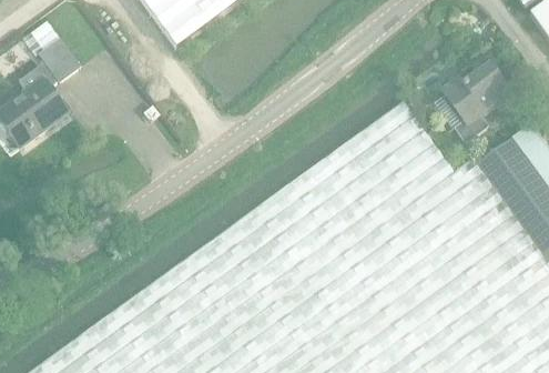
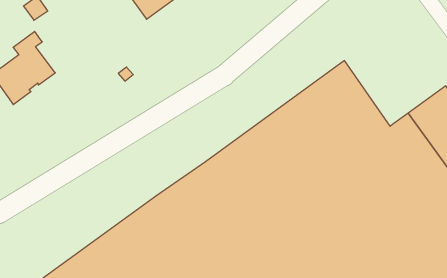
building: [38,39,80,83] -> none
building: [440,65,509,143] -> none

